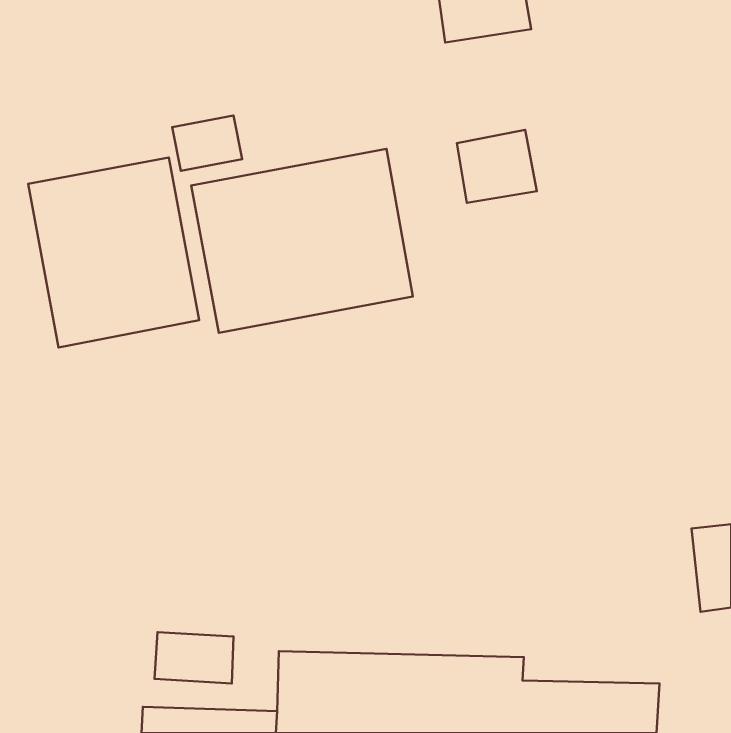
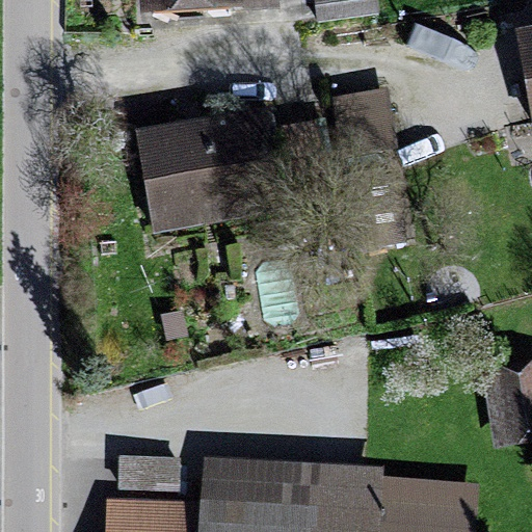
building: [28,158,199,348] -> none

